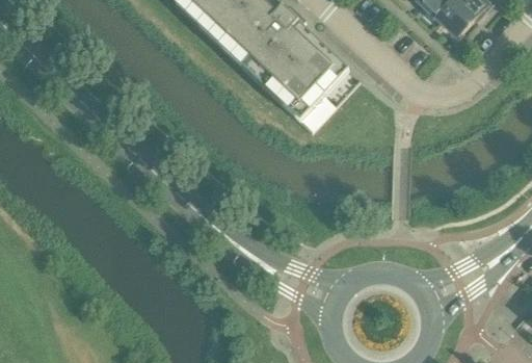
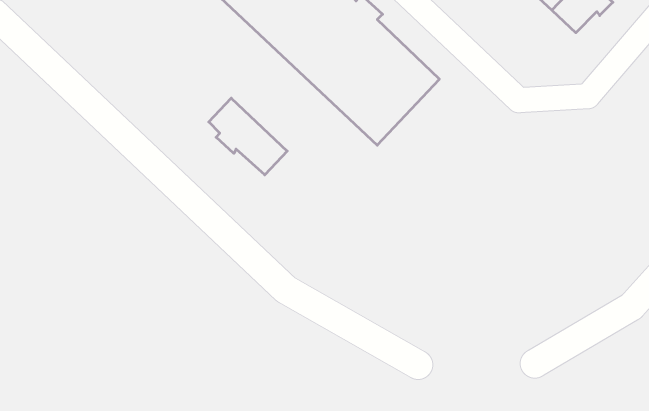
building: none -> [209,98,287,175]

